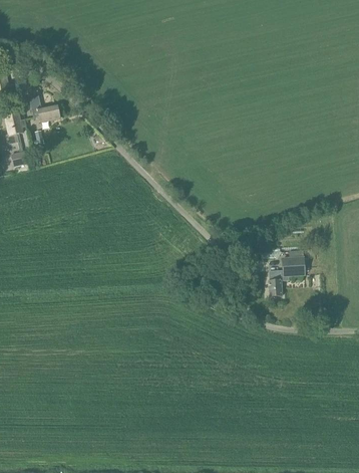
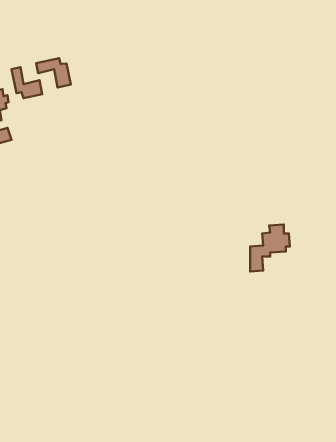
building: none -> [36,58,71,87]

